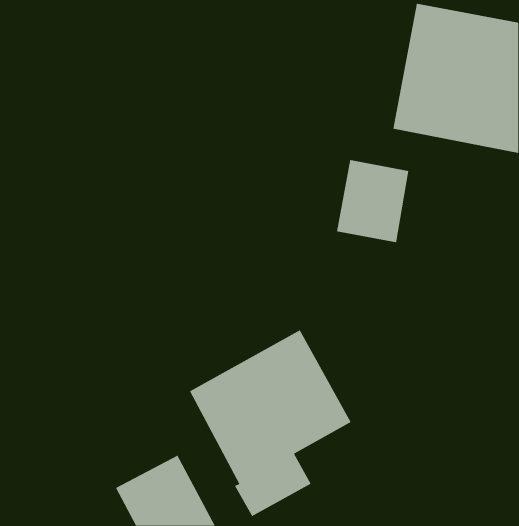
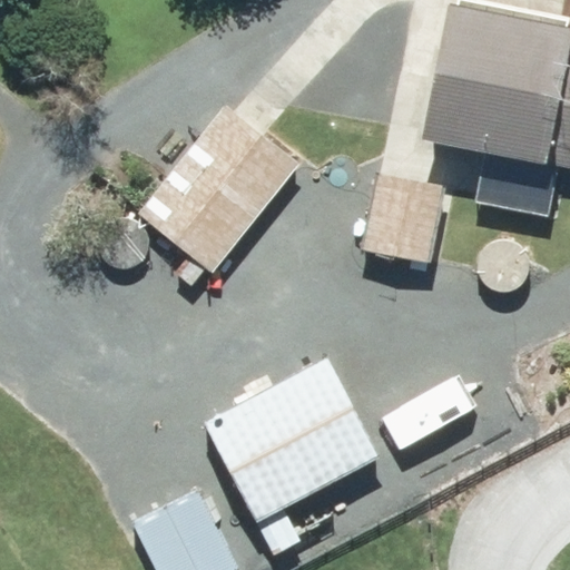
building: none -> [137,104,299,274]

